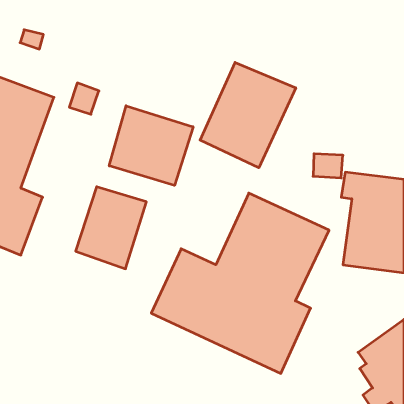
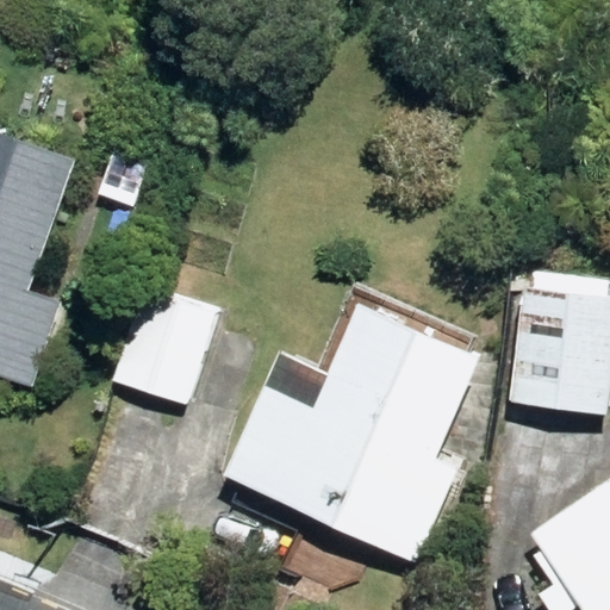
building: [200,62,296,168] -> none
building: [109,106,193,185] -> none

